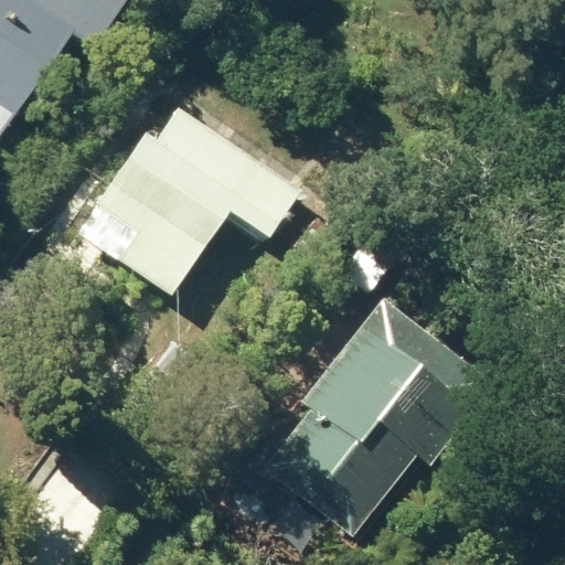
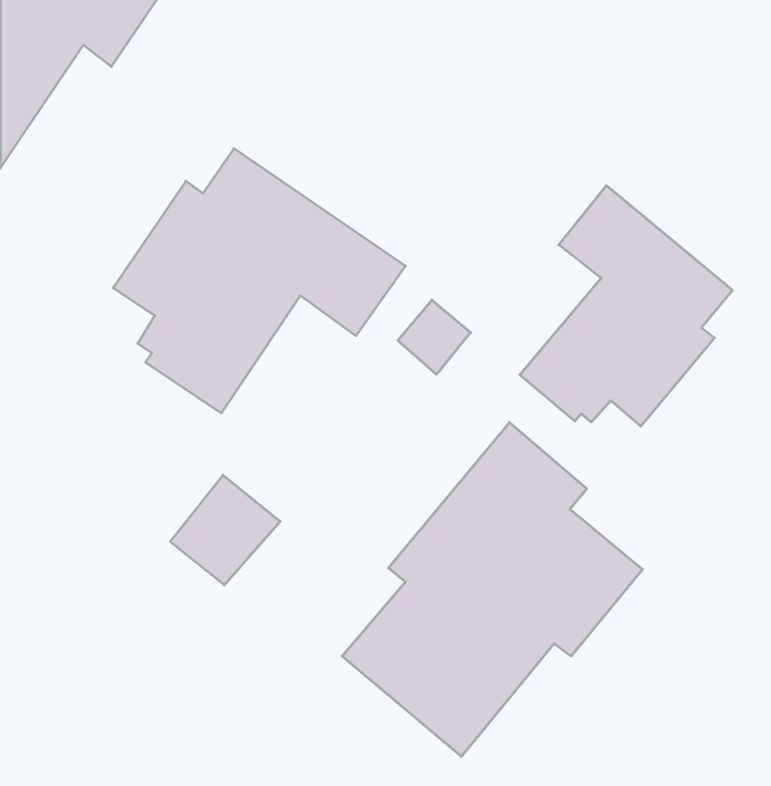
building: none -> [520,186,732,426]

